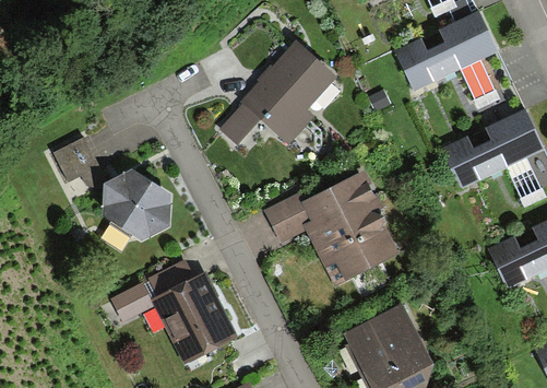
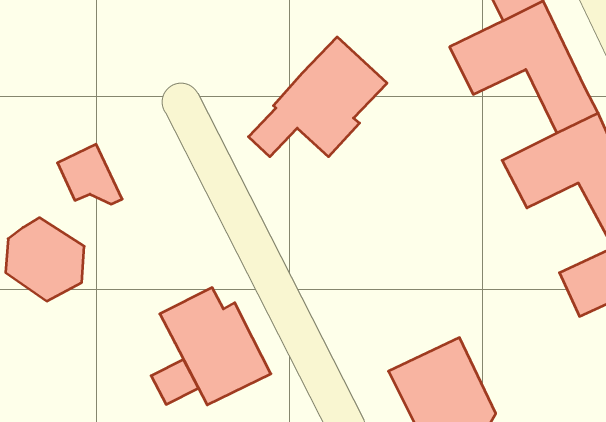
building: [264,168,400,286] -> none
building: [103,169,171,243] -> [6,218,84,301]
building: [114,282,155,321] -> [151,360,199,404]

